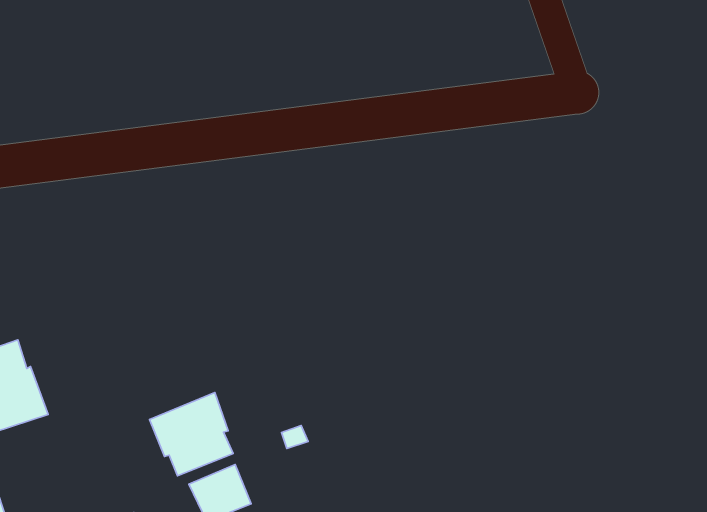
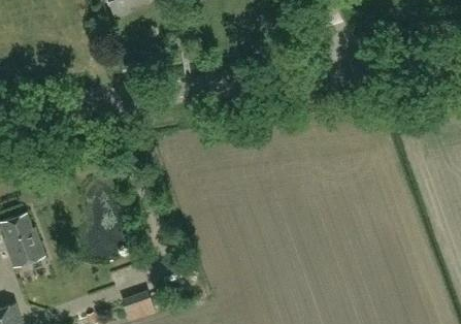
building: [149,392,233,476] -> none

